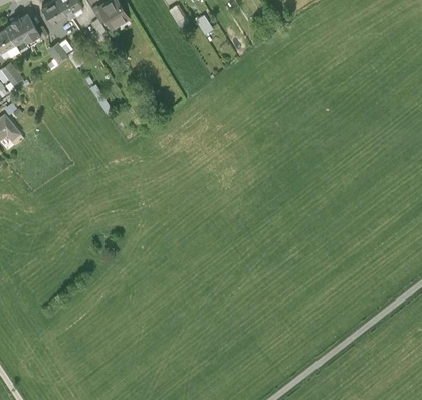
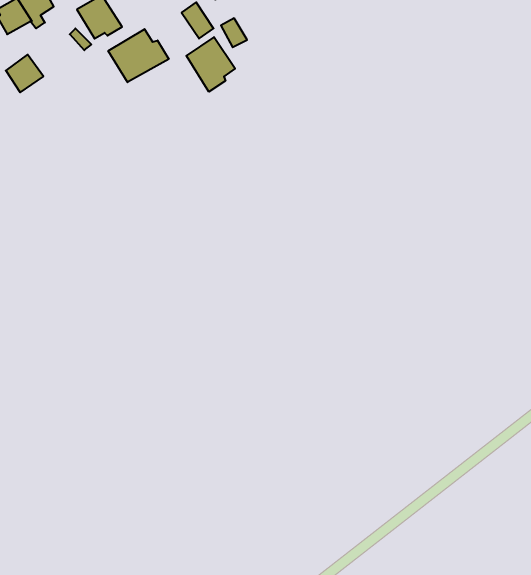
building: none -> [108,29,169,82]
building: none -> [186,37,235,92]

